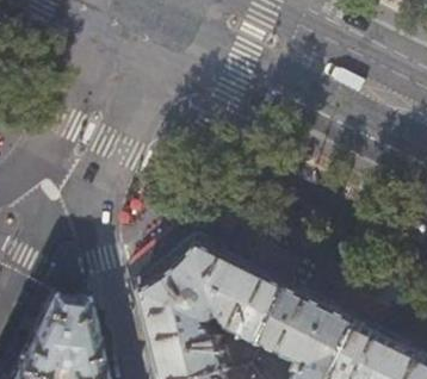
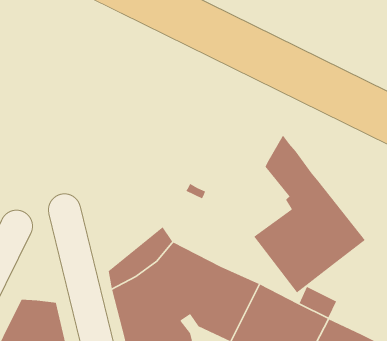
building: none -> [253,134,366,294]

